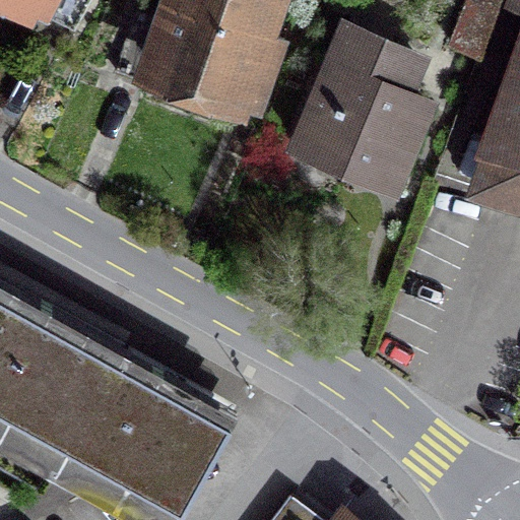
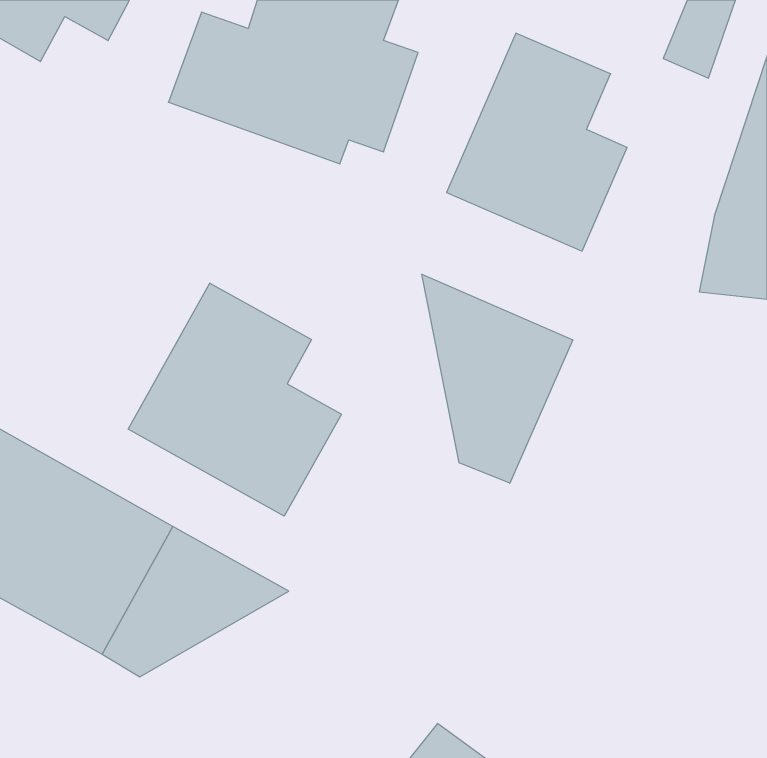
building: none -> [422,274,573,483]
building: none -> [128,283,341,516]
building: [94,406,231,512] -> none

